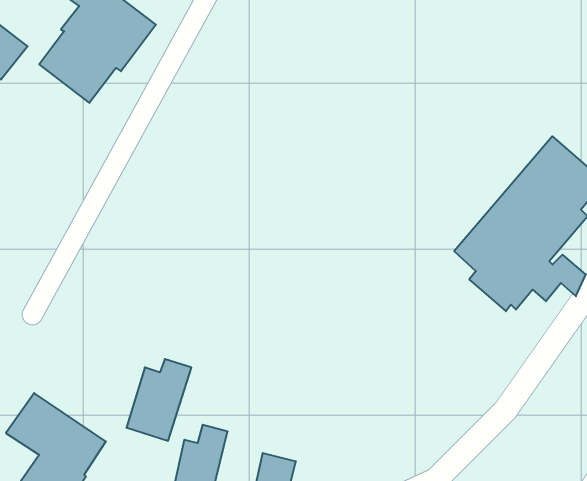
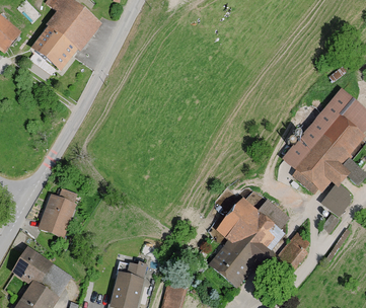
building: none -> [320,187,351,217]
building: none -> [208,198,310,288]
building: [126,359,191,441] -> [36,189,76,239]

